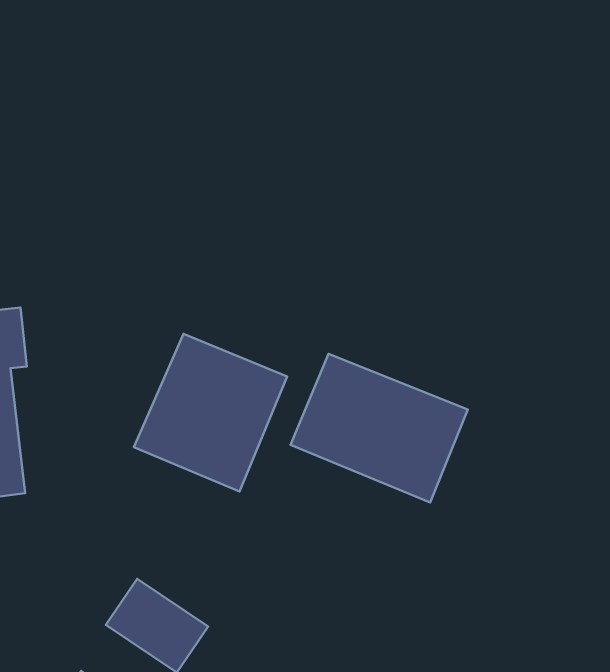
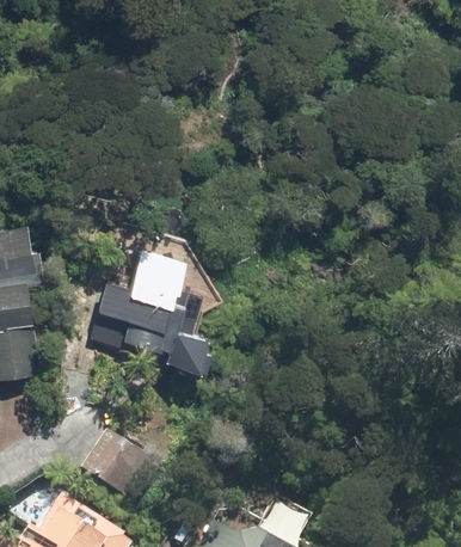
building: [291,354,468,503] -> none

